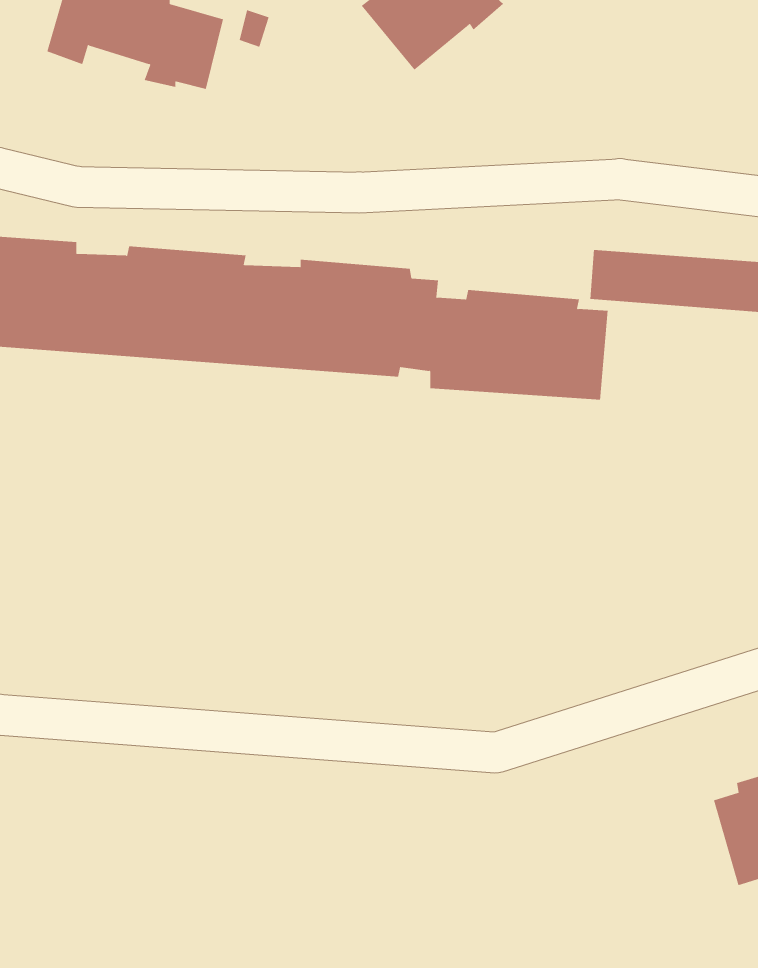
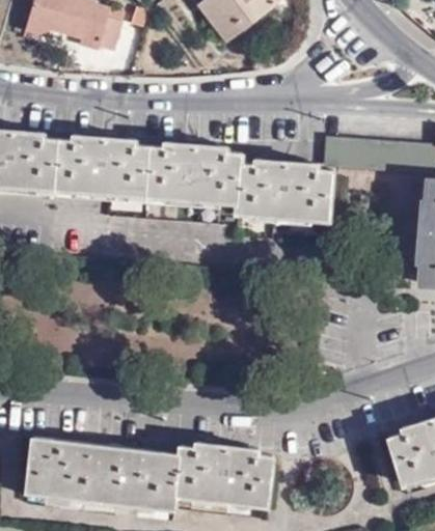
building: none -> [27,439,272,511]

